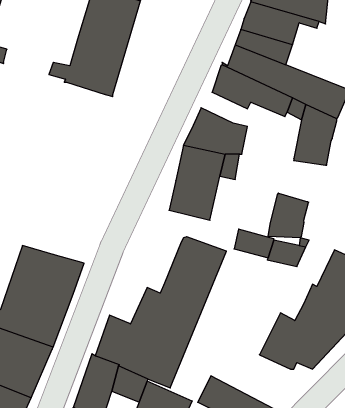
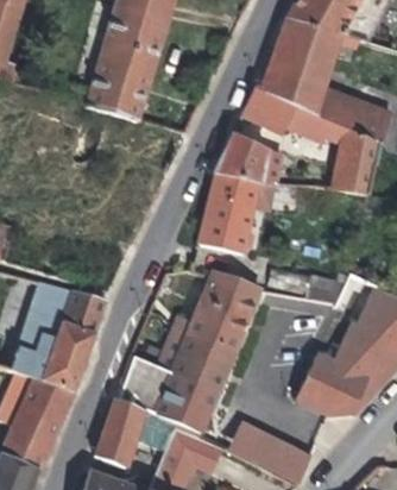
building: [268,193,309,238] -> none

